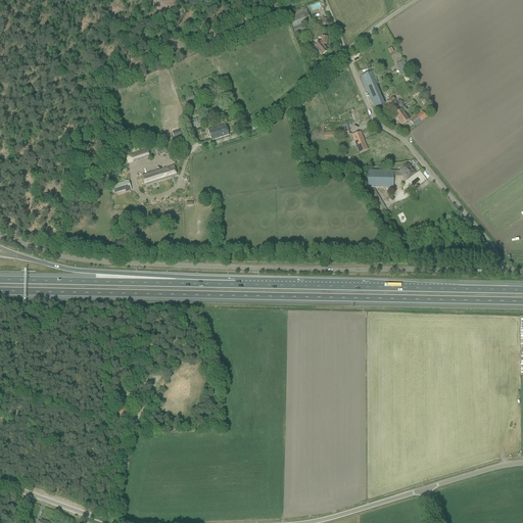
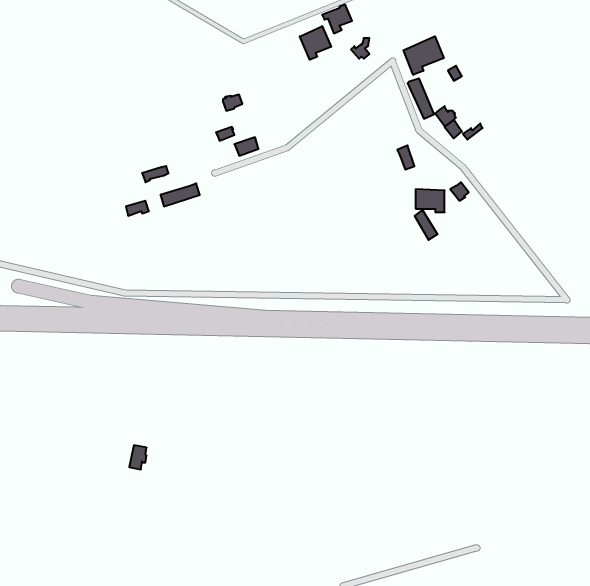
building: none -> [300,26,331,60]
building: none -> [403,36,444,75]

